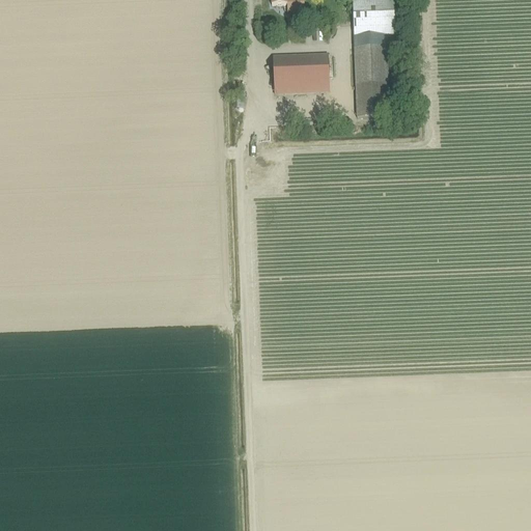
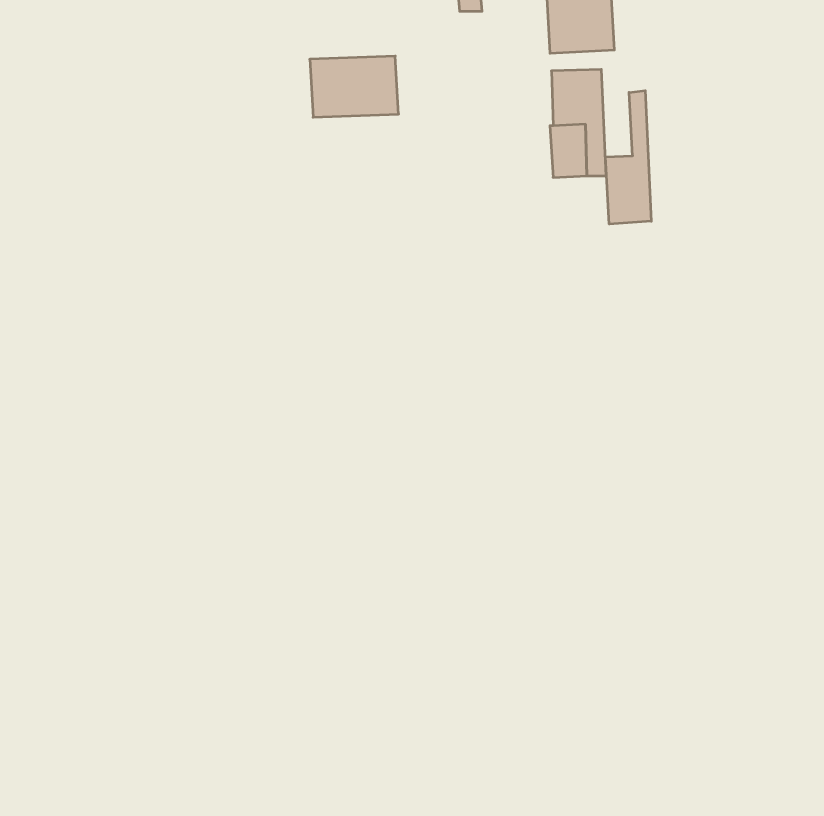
building: [273,52,330,91] -> [310,56,399,117]
building: none -> [605,91,651,224]

